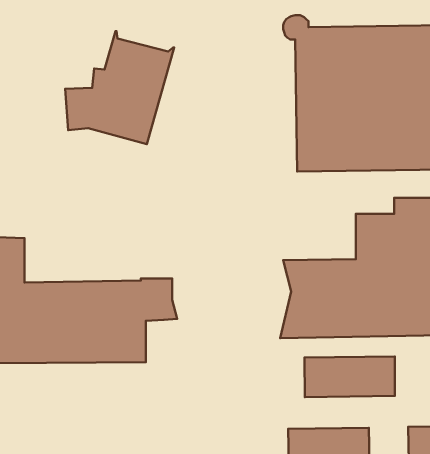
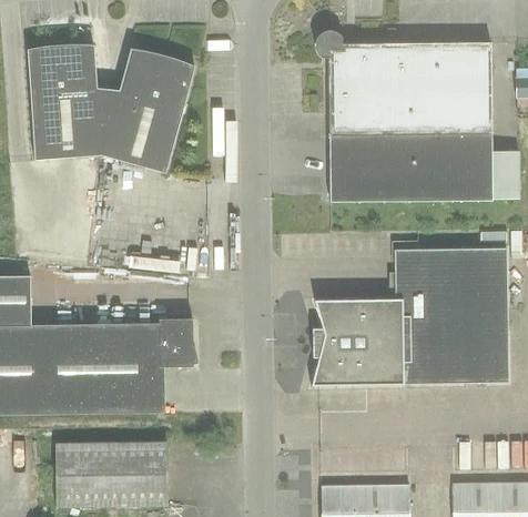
building: none -> [28,44,108,159]
building: [305,357,395,397] -> none
building: none -> [55,442,167,506]

